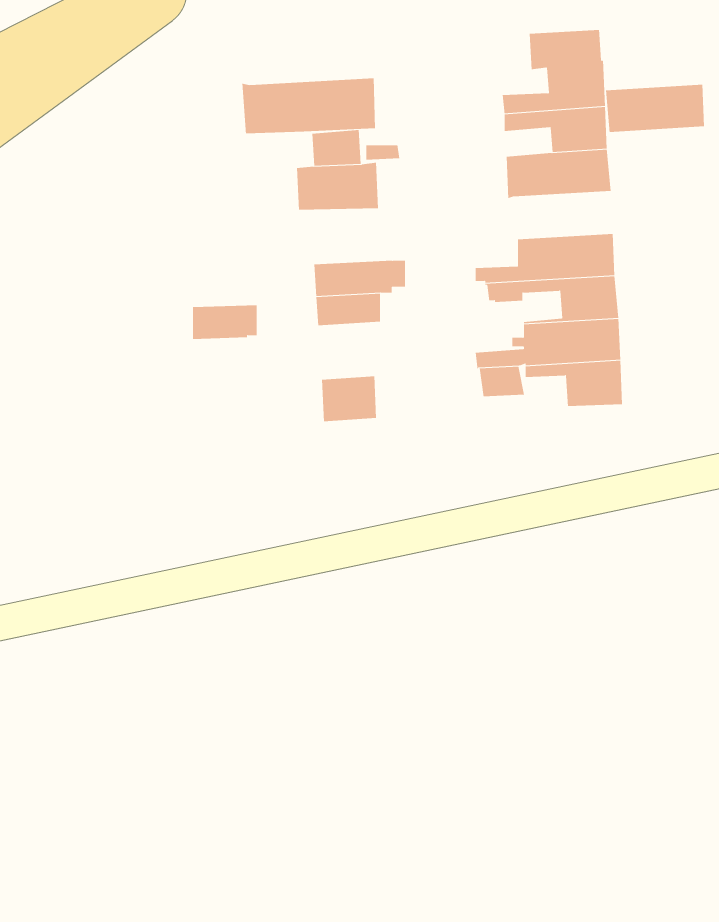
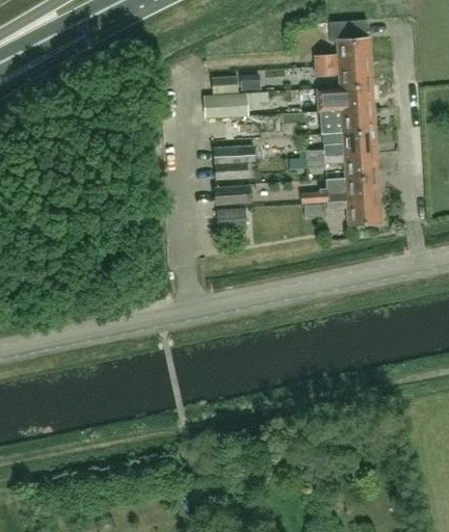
building: [242,77,375,134] -> none
building: [605,84,705,132] -> [321,107,375,133]
building: [192,305,257,340] -> [215,184,250,203]

